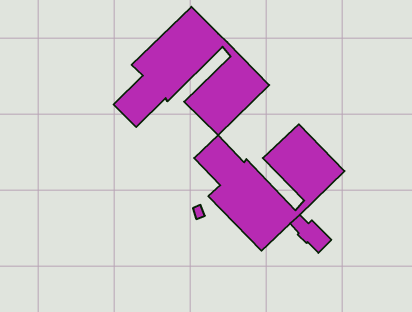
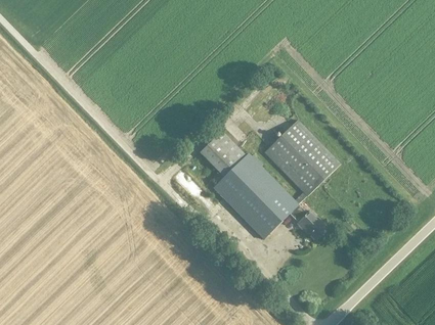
building: [114,7,269,135] -> none

